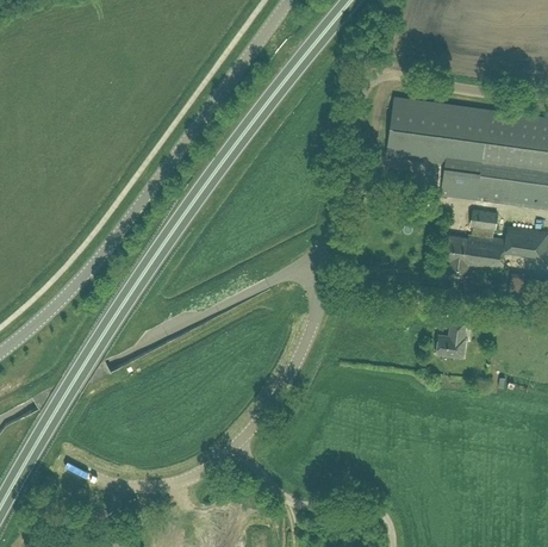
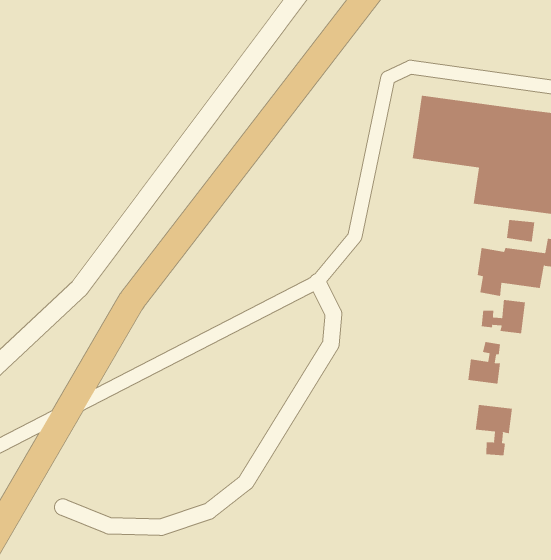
building: none -> [481,299,525,334]
building: none -> [475,404,512,456]

